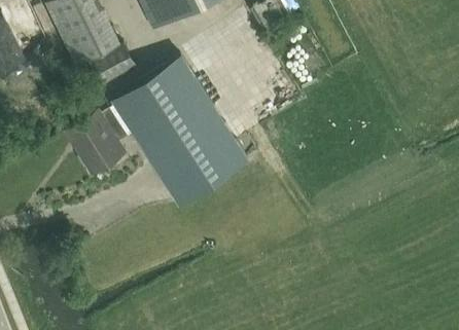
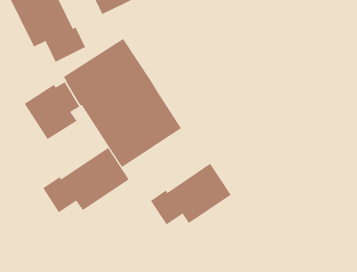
building: none -> [42,147,129,213]
building: none -> [150,163,231,225]

